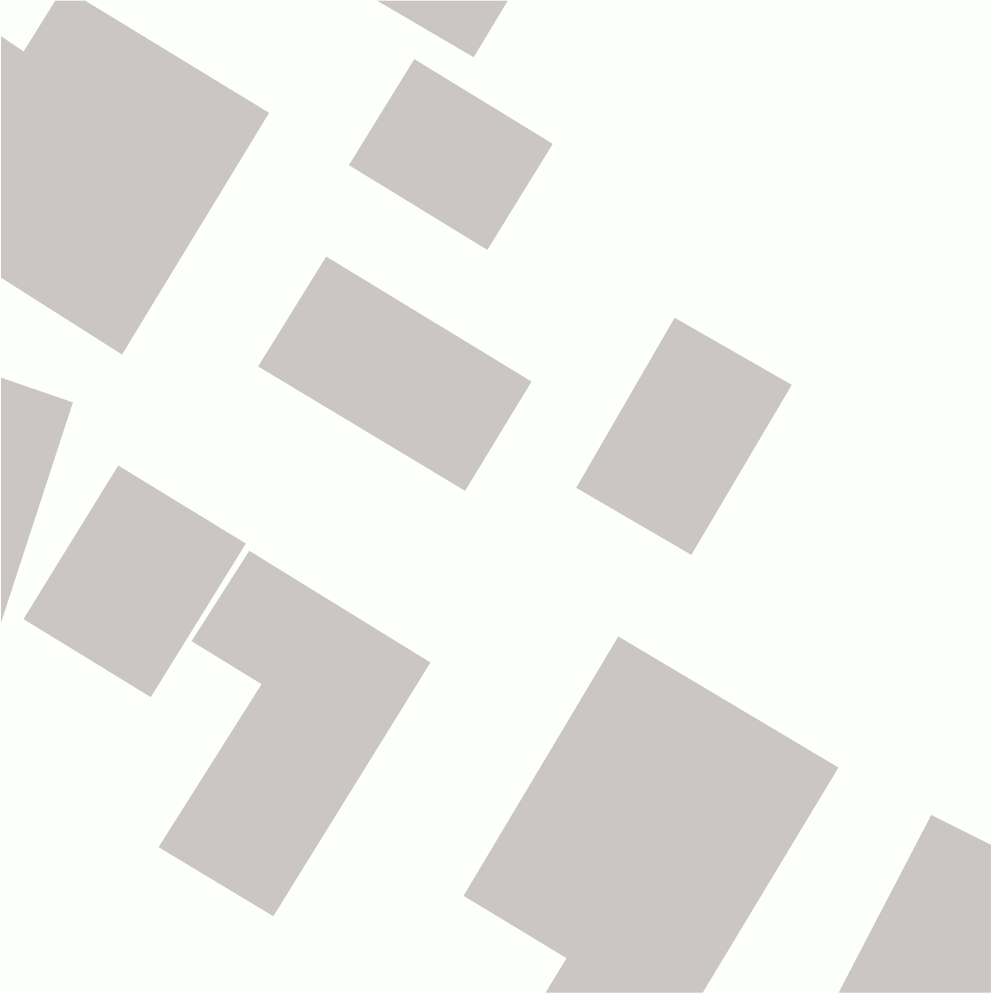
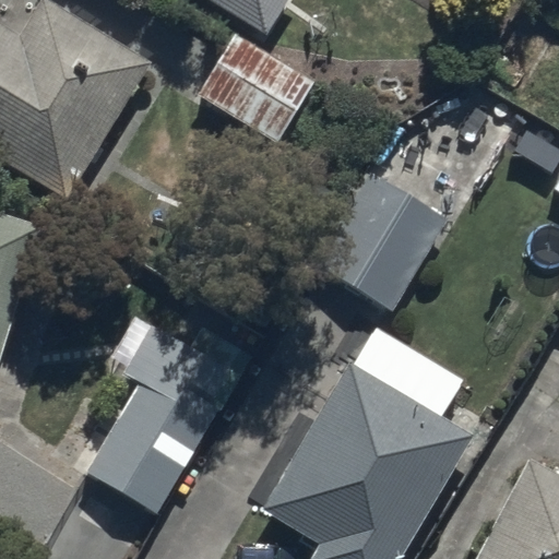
building: [257,255,532,492] -> none
building: [22,465,247,698] -> none

